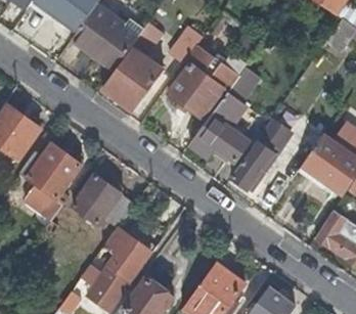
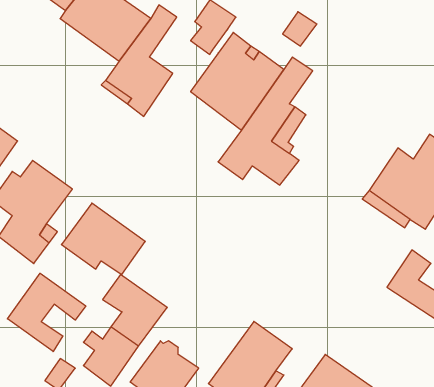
building: [231,118,291,187] -> none
building: none -> [7,273,86,352]

